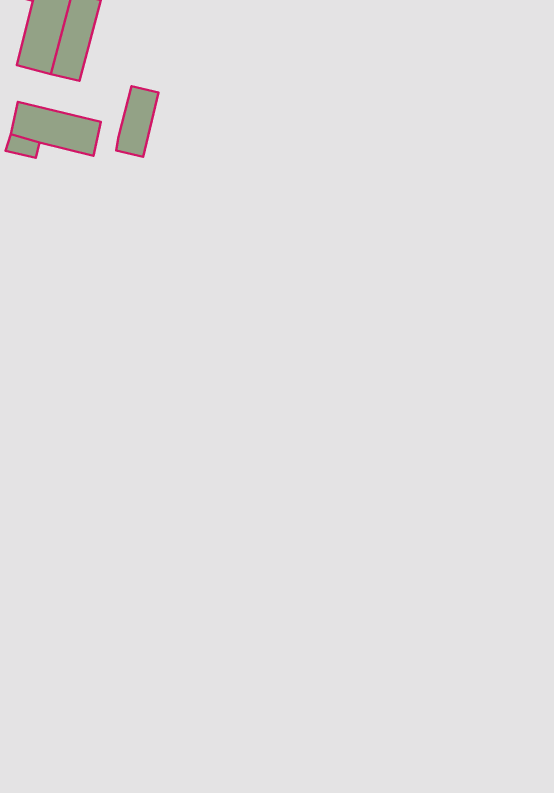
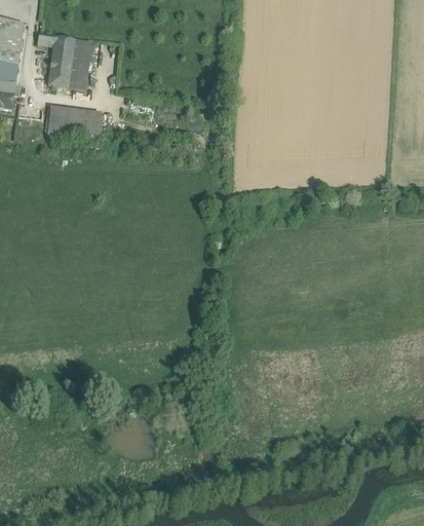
building: [116,86,159,157] -> none

